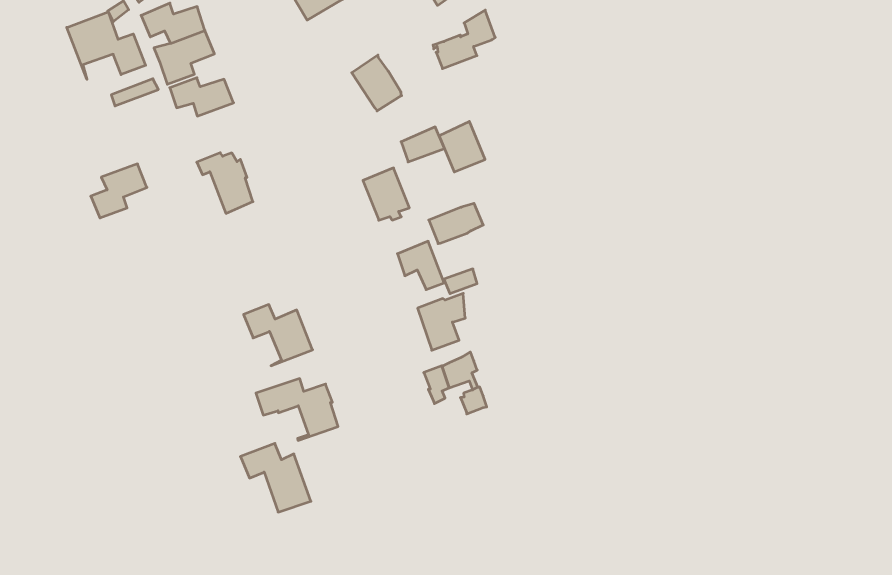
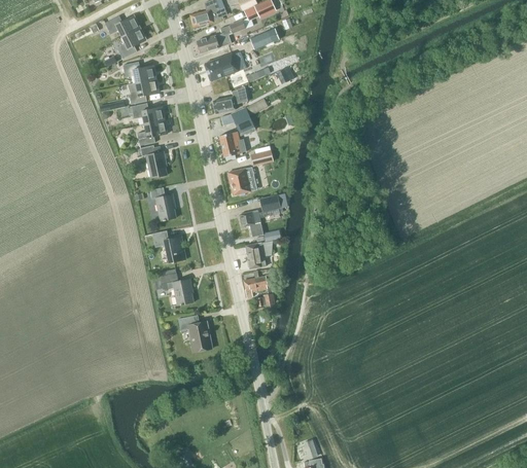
building: [433,10,495,69] -> [213,85,247,113]
building: [67,12,146,79] -> none
building: [439,121,485,172] -> [219,131,242,156]
building: [91,164,147,218] -> [137,119,168,145]
building: none -> [150,186,176,220]
building: [240,443,311,512] -> [178,314,212,351]

